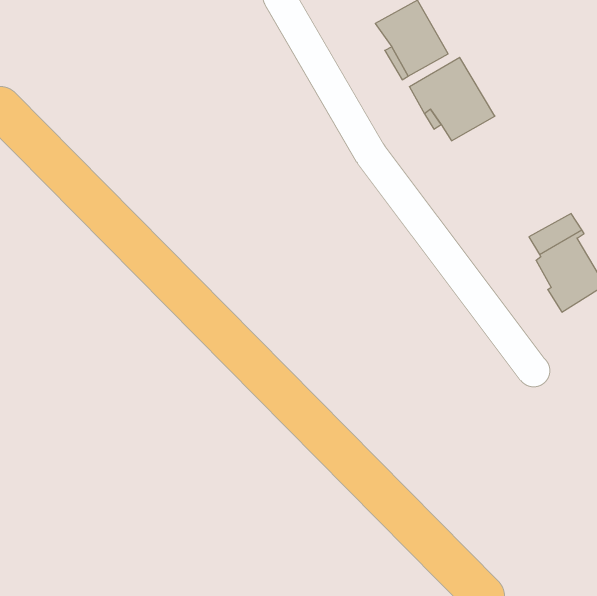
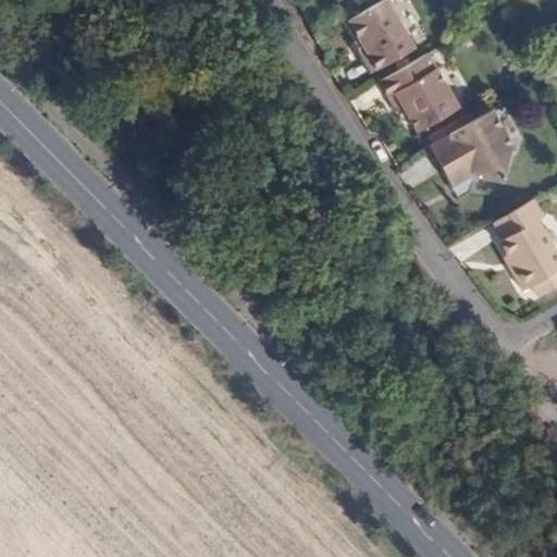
building: none -> [428,111,511,187]

